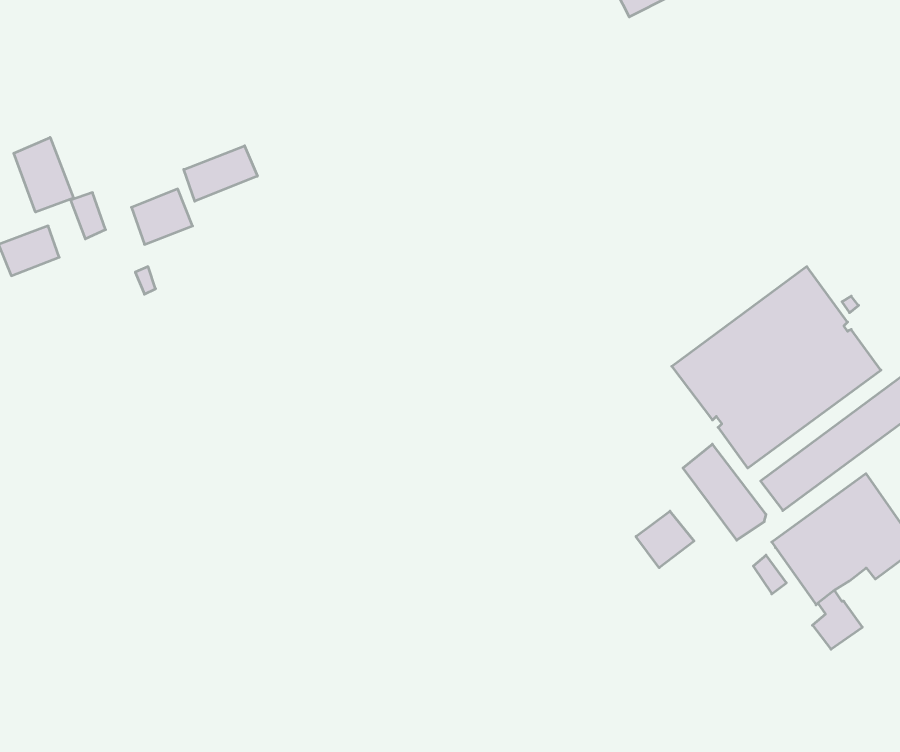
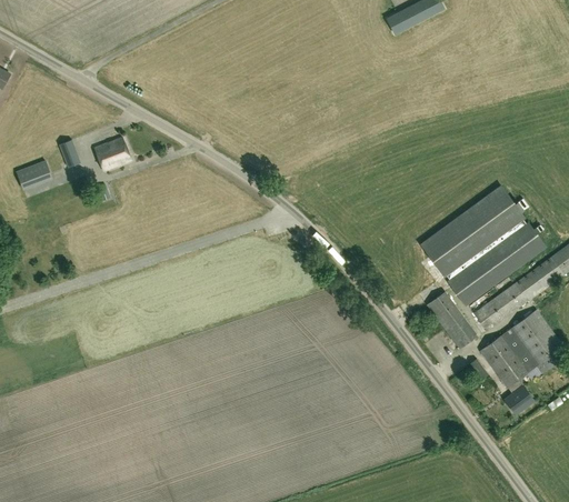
building: [14,137,73,212] -> none
building: [184,146,257,201] -> none
building: [636,511,694,568] -> none

